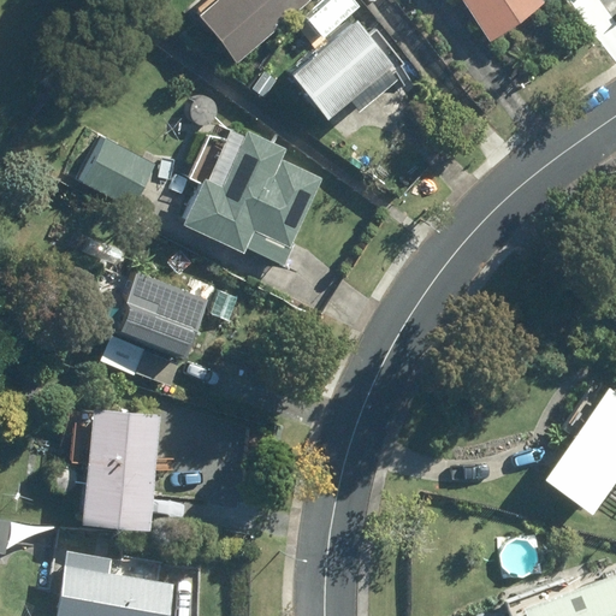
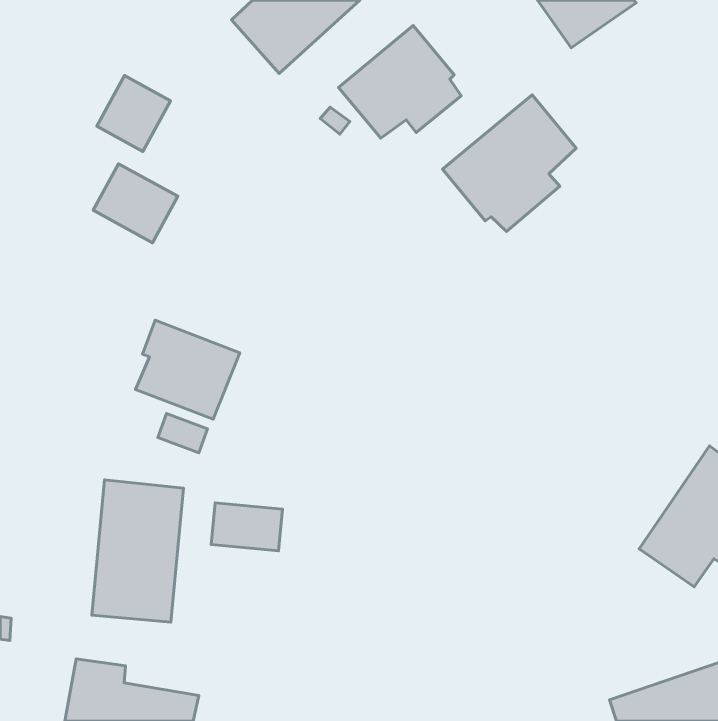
building: none -> [97,75,171,151]
building: none -> [442,95,576,231]
building: [180,131,321,266] -> none
building: none -> [211,503,283,551]

